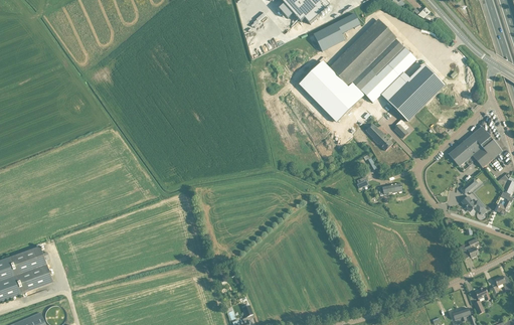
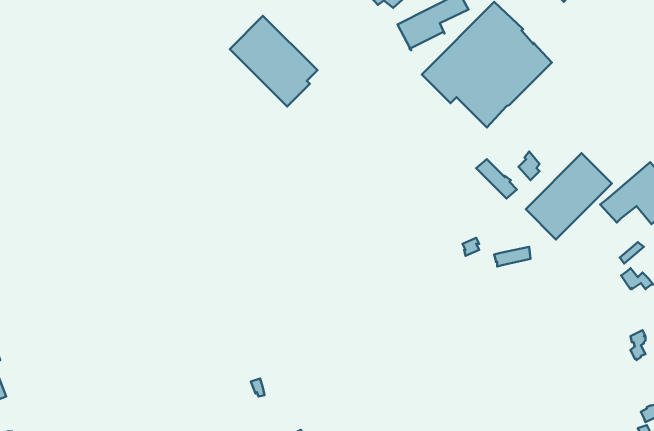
building: [299,61,357,122] -> [230,16,317,107]
building: [387,64,445,122] -> [526,153,612,239]

